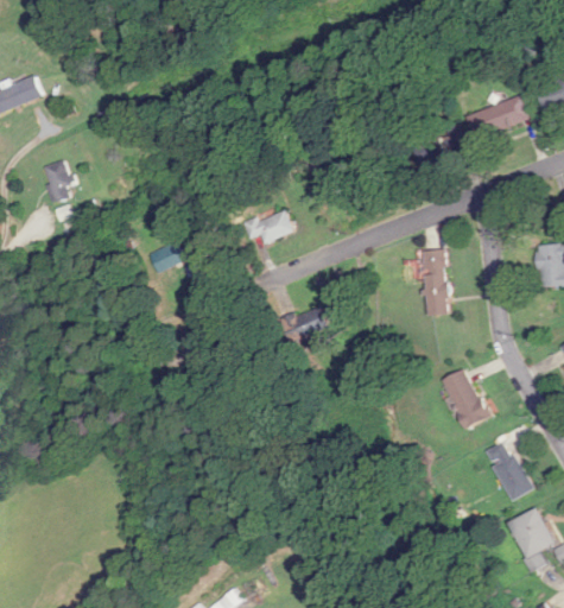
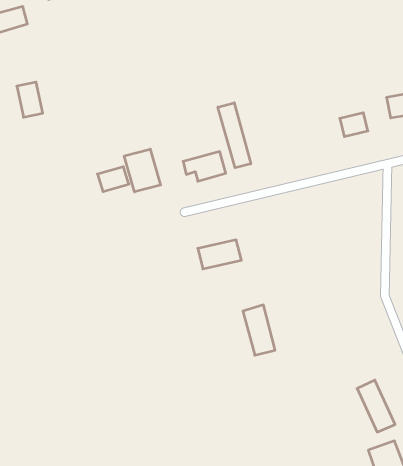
building: none -> [218,103,251,168]
building: none -> [124,149,161,192]
building: [423,249,448,316] -> none
building: [443,369,487,429] -> [243,305,275,355]

